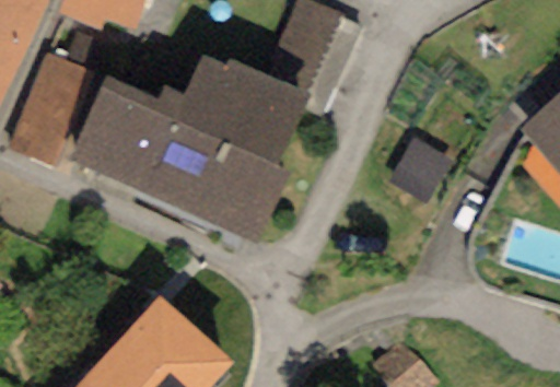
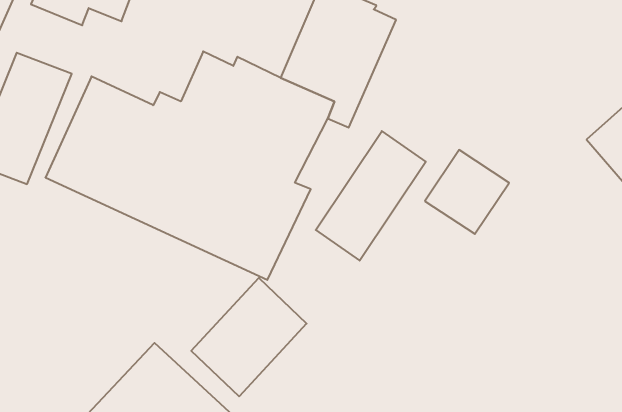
building: none -> [316,131,426,261]
building: none -> [191,278,307,396]

